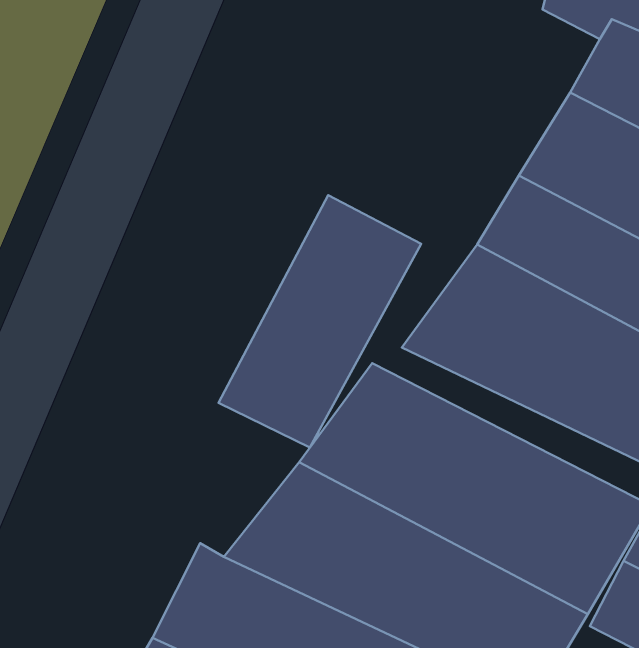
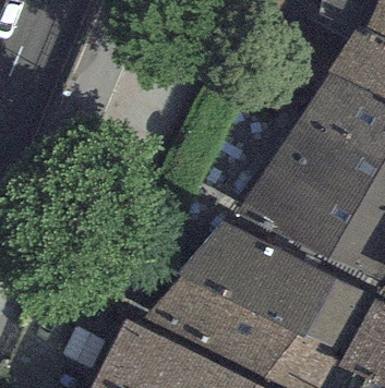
building: [218,195,421,447] -> none

